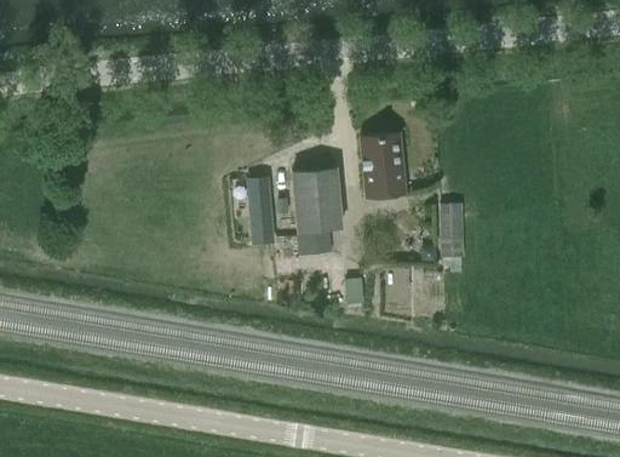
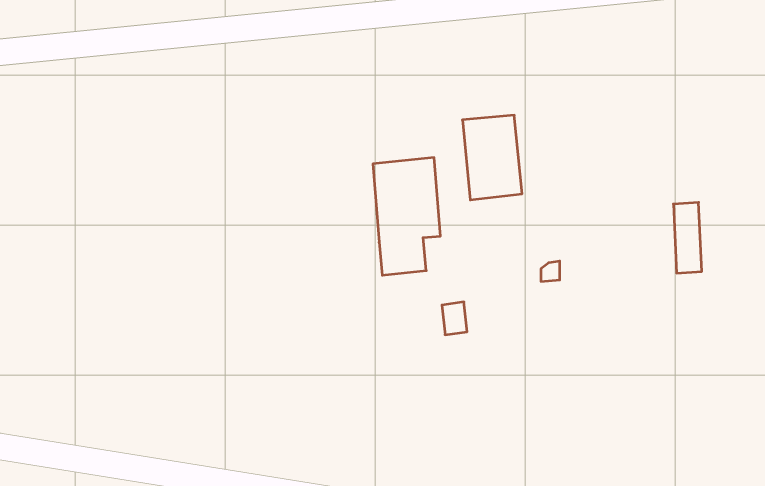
building: [248,178,274,246] -> none
building: [440,202,461,257] -> [673,202,702,273]

